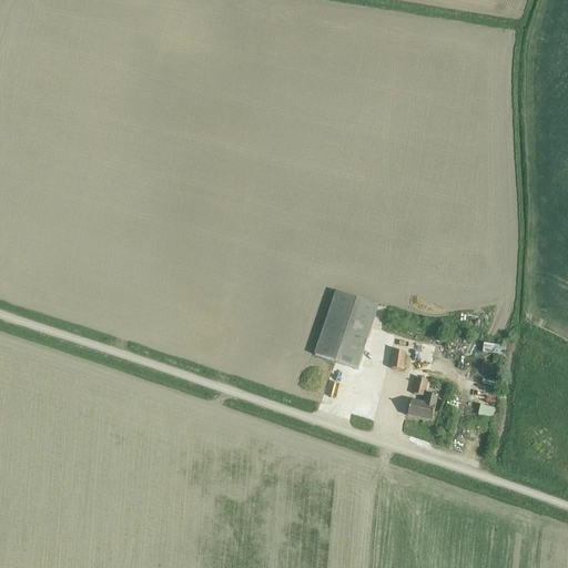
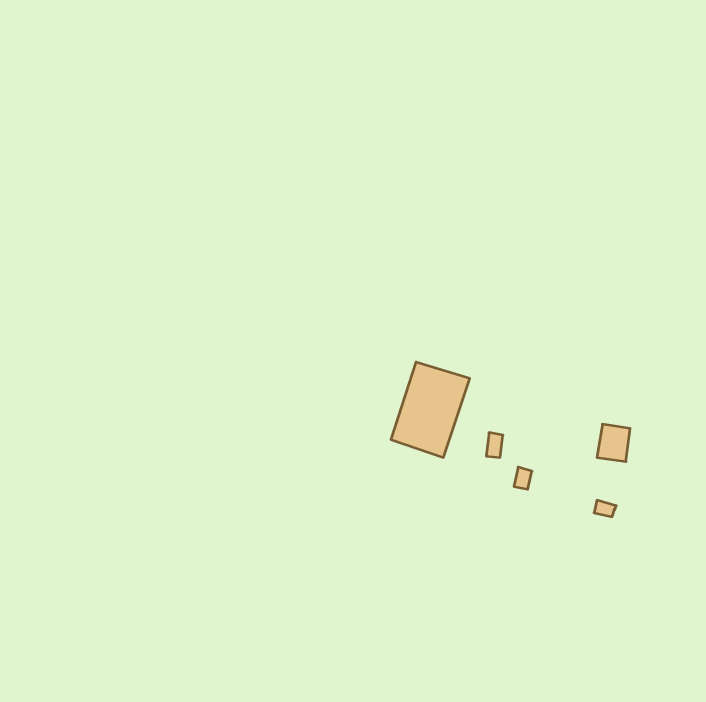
building: [407,390,438,419] -> none

